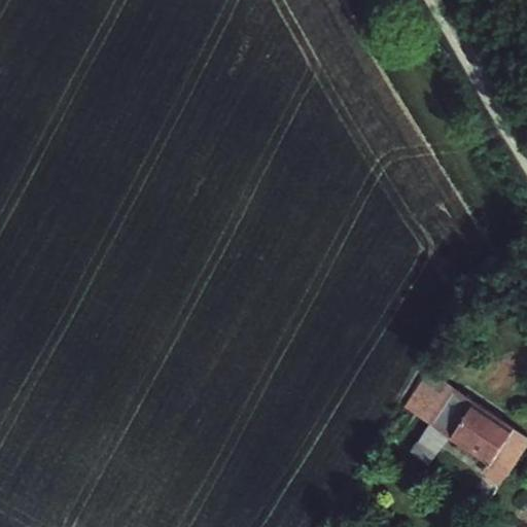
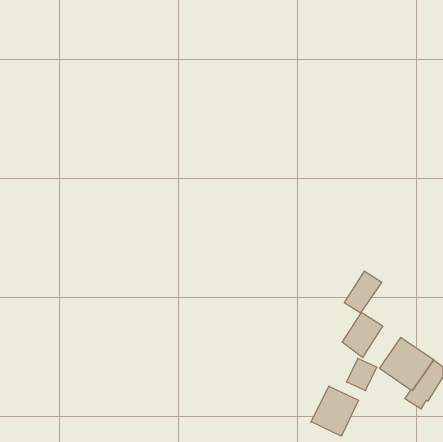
building: [429,389,473,438] -> [344,271,382,313]
building: none -> [311,386,358,436]

